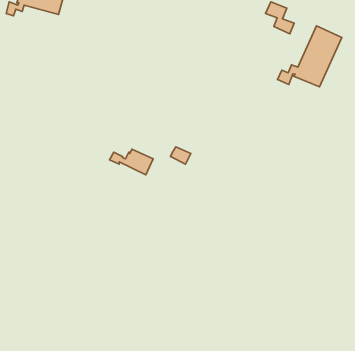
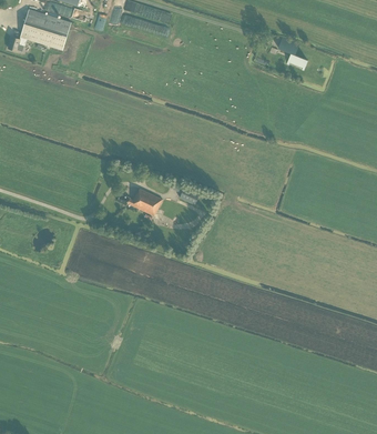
building: [278,26,342,87] -> none

